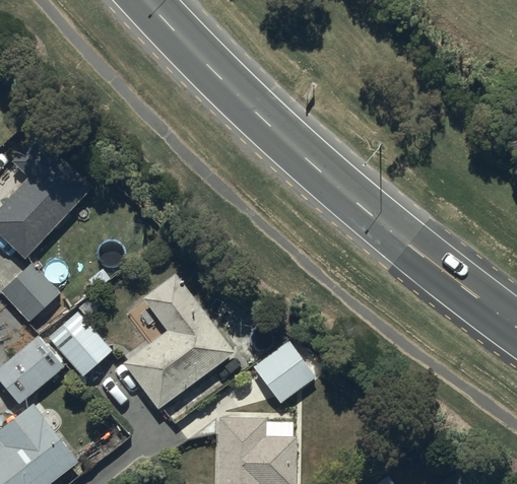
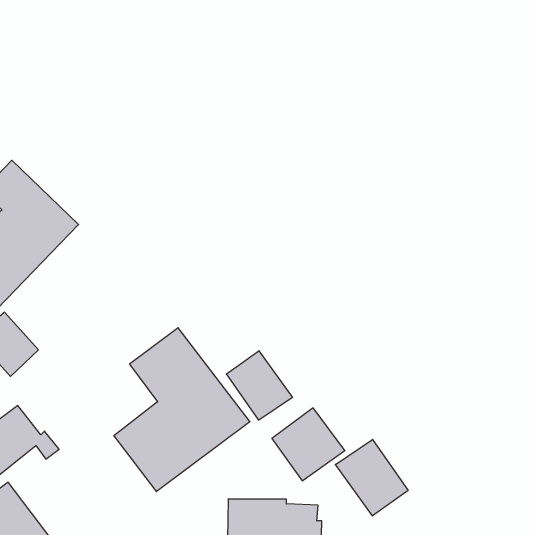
building: none -> [226,351,292,420]
building: [47,312,112,376] -> none
building: none -> [335,439,408,516]

